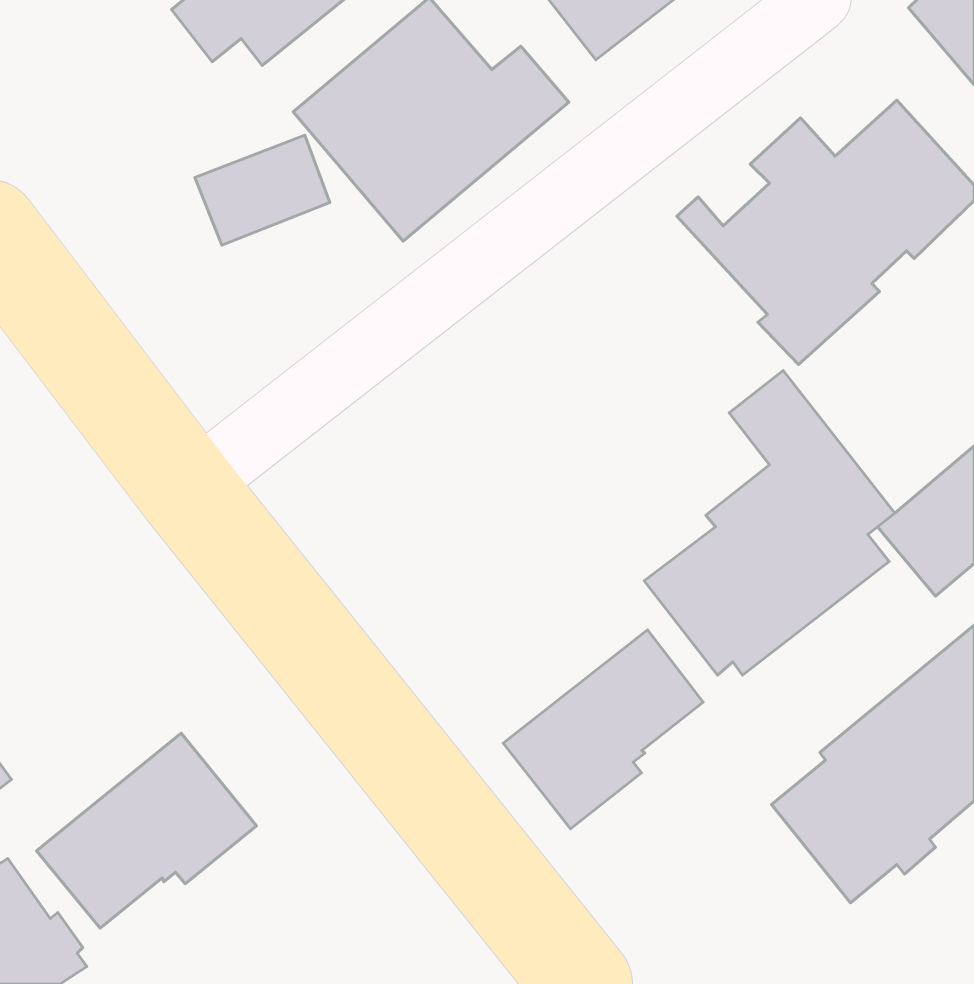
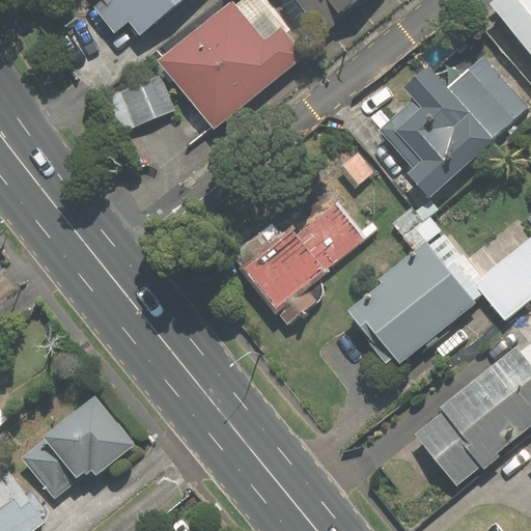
building: none -> [229,199,373,324]
building: [503,630,703,829] -> none

